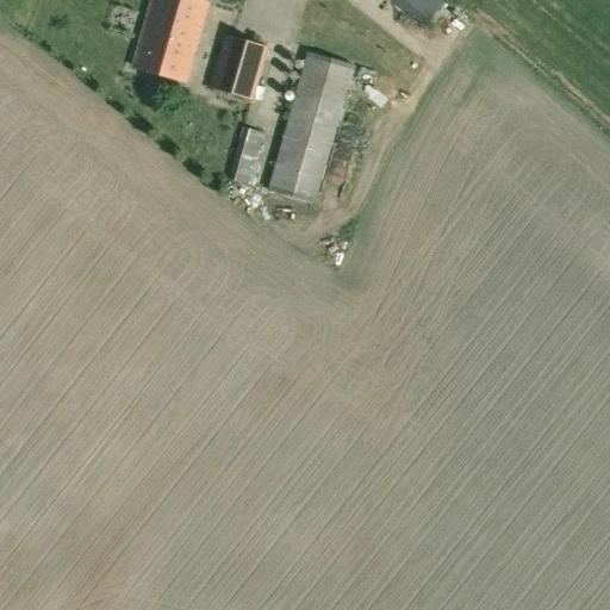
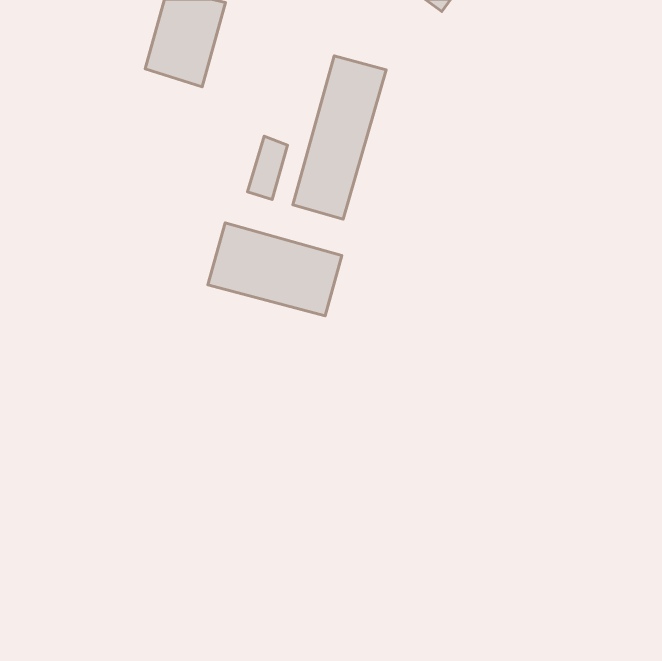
building: [208,33,268,100] -> none
building: none -> [208,223,342,316]

